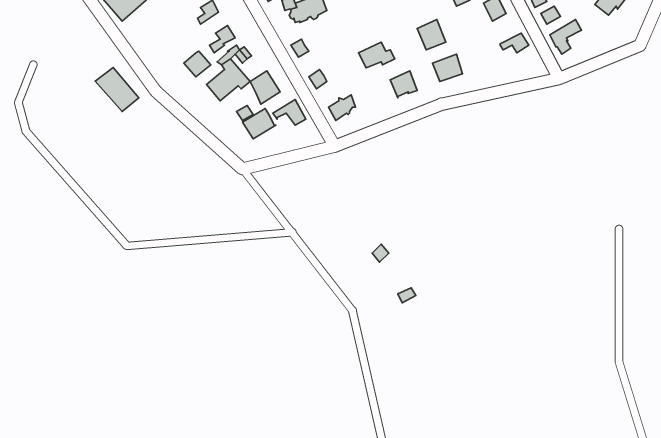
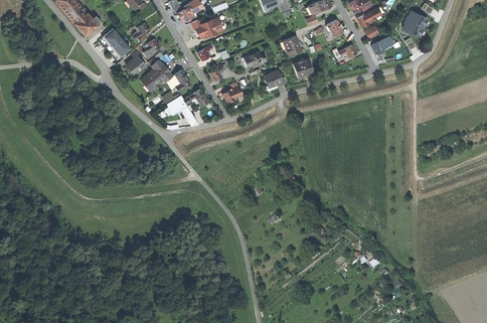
building: [95,68,139,111] -> [102,28,131,57]

